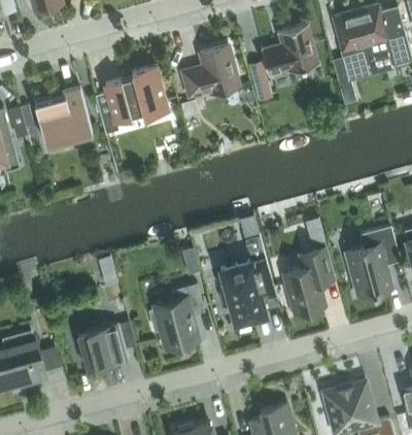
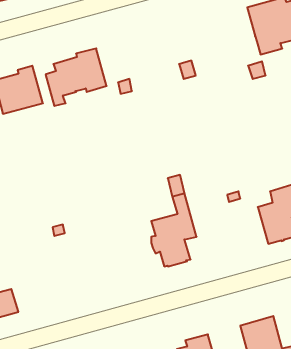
building: [261,24,319,77] -> none
building: [182,46,238,97] -> none
building: [282,248,333,314] -> none
building: [152,285,203,349] -> none
building: [77,322,135,371] -> none

